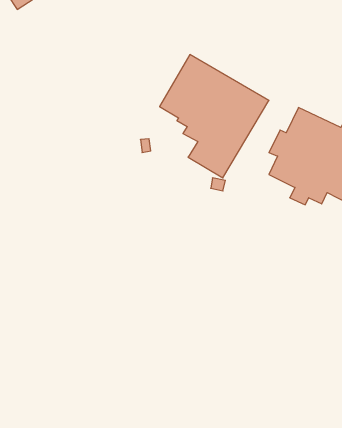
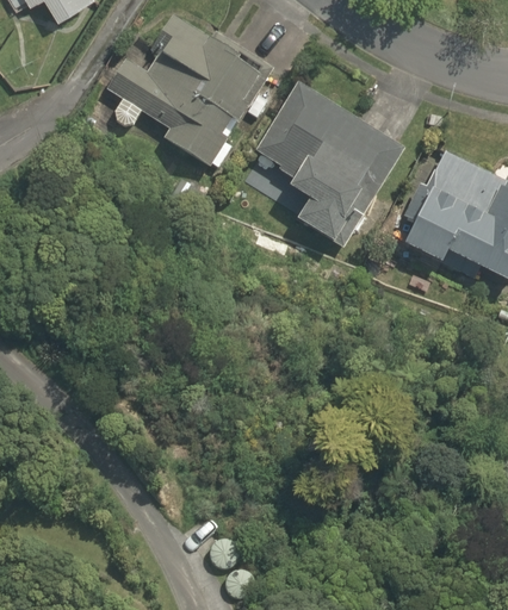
building: none -> [107,15,274,167]

